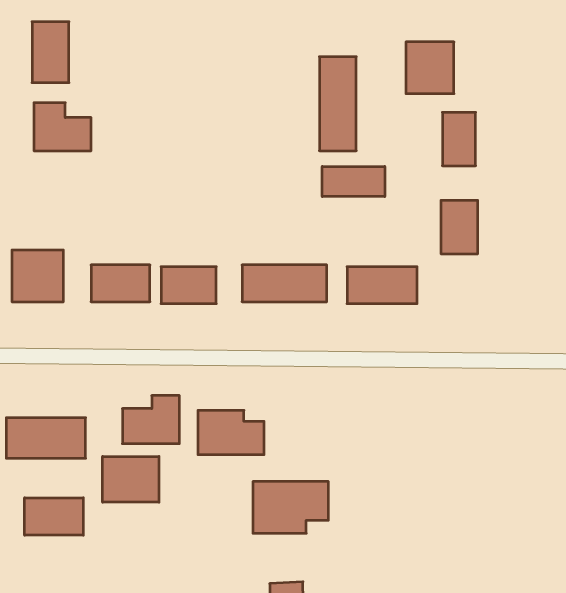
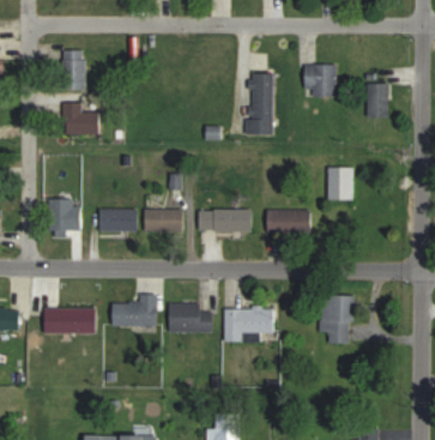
building: [442,112,476,166] -> [367,83,388,117]
building: [322,166,385,197] -> none
building: none -> [319,295,354,344]
building: [103,456,159,502] -> none
building: [253,482,328,533] -> [224,308,273,342]
building: [25,498,83,535] -> none

